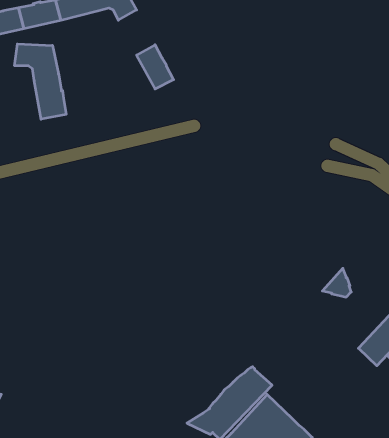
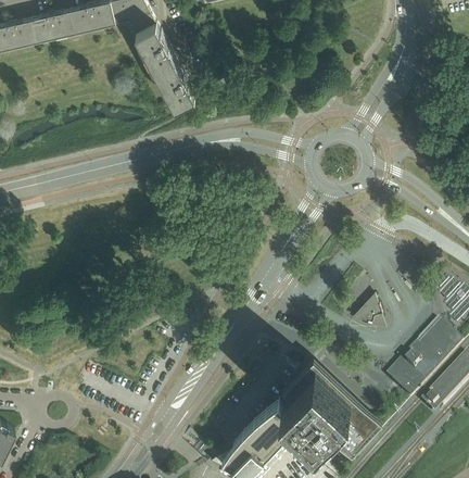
building: none -> [136,23,175,71]
building: [15,44,66,119] -> none
building: none -> [280,361,381,458]

